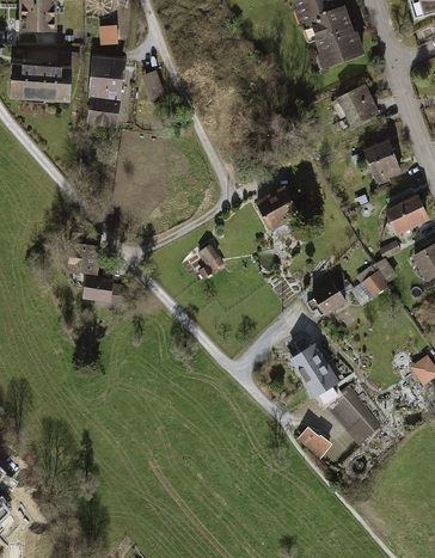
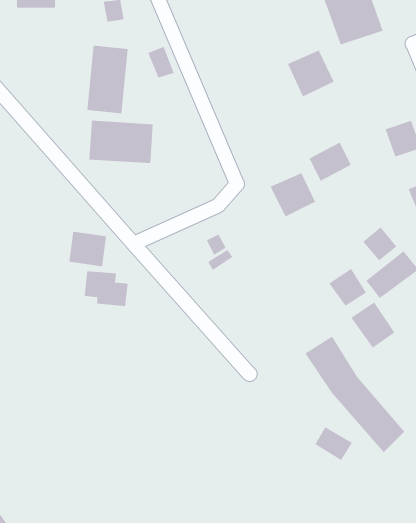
building: [13,62,74,103] -> [89,120,154,164]
building: [335,82,379,127] -> [287,50,334,97]
building: none -> [309,142,351,181]
building: none -> [363,226,397,261]
building: none -> [350,302,395,348]

